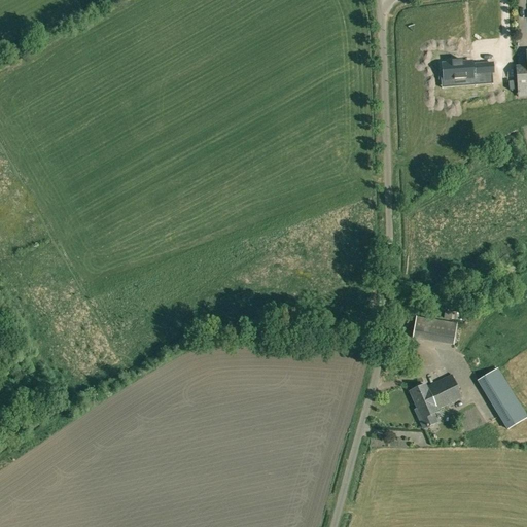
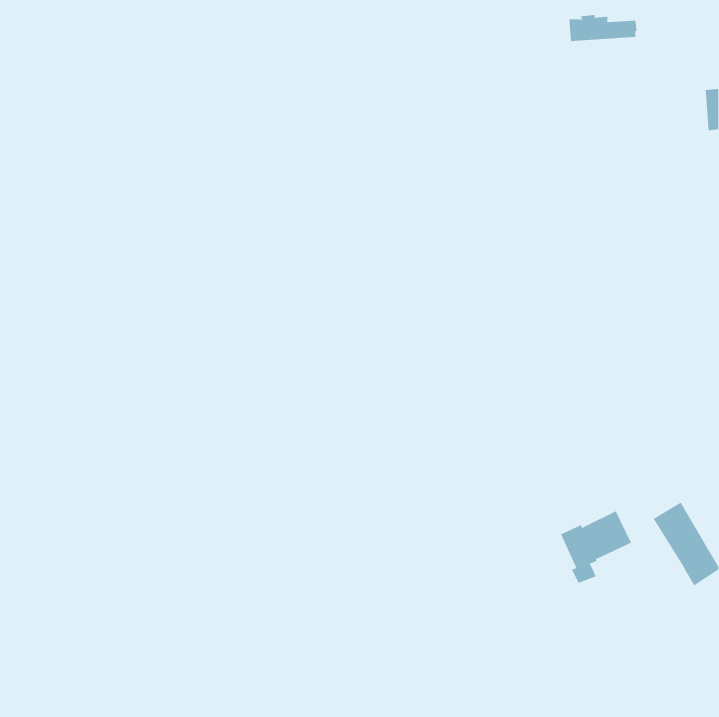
building: [443,60,493,79] -> [569,15,638,41]
building: [412,316,457,344] -> none

